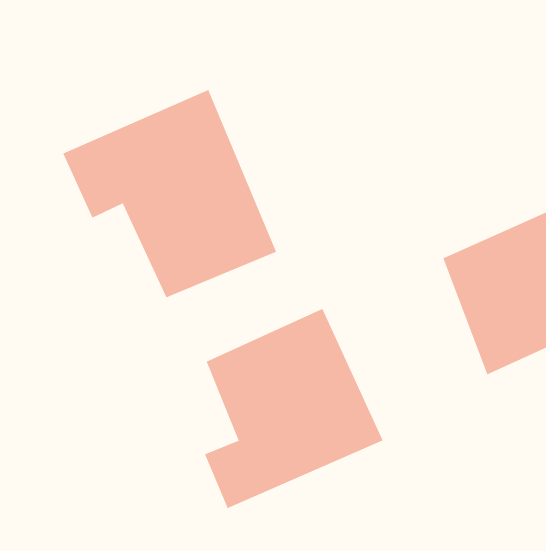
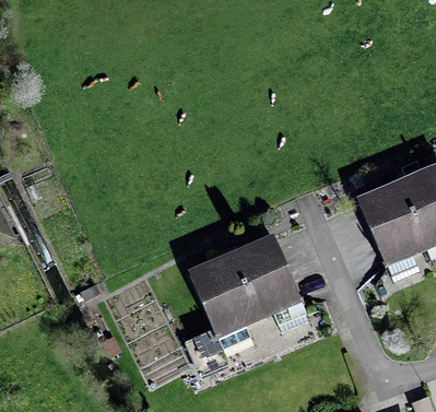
building: [62,89,277,298] -> none

